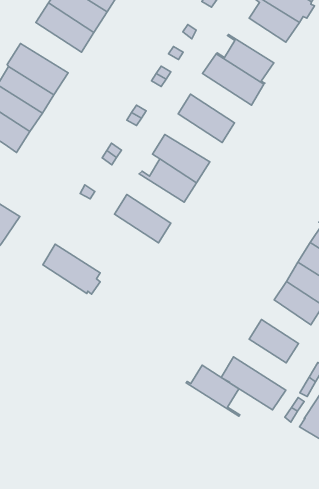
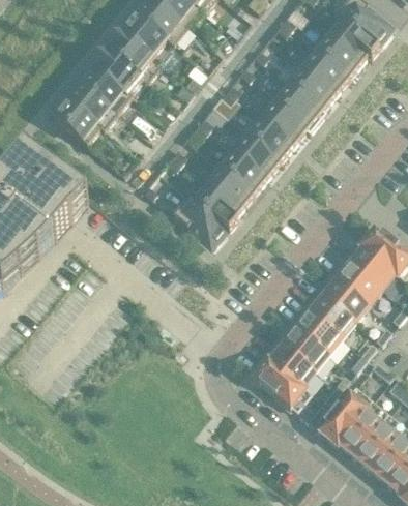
building: none -> [296,43,348,92]
building: none -> [105,28,159,79]
building: none -> [255,94,310,143]
building: none -> [227,128,279,176]
building: [43,244,100,294] -> [185,179,237,229]
building: none -> [295,309,340,352]
building: [186,365,240,416] -> [265,343,313,393]

